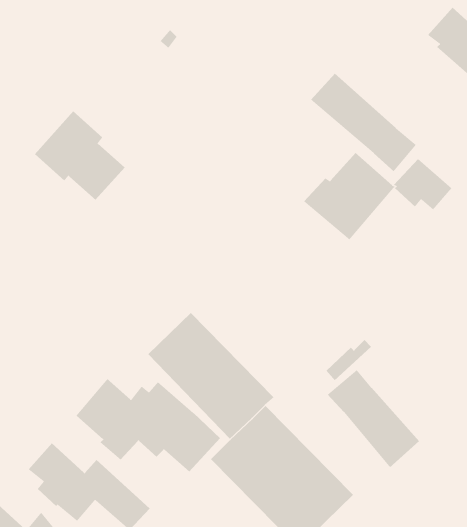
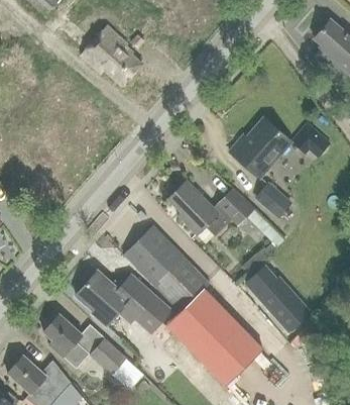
building: [310,73,417,172] -> none
building: [34,111,125,200] -> [81,26,142,87]
building: none -> [168,181,283,246]
building: none -> [256,184,290,217]

